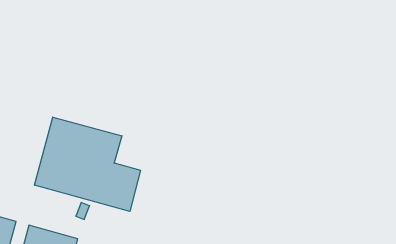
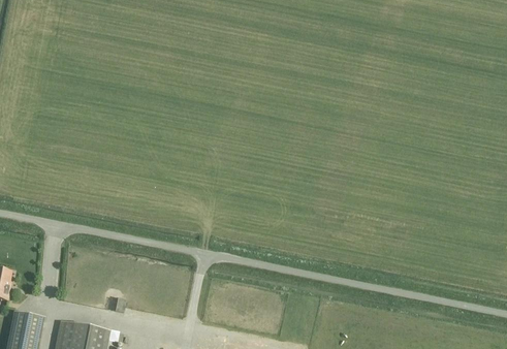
building: [34,117,140,211] -> none

